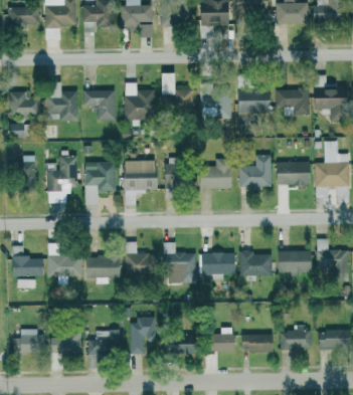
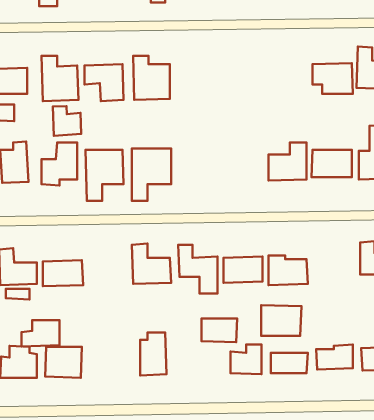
building: [161,72,193,110] -> none
building: [237,88,271,114] -> none
building: [200,90,231,119] -> none
building: none -> [53,106,81,136]
building: [199,158,231,189] -> none
building: [164,164,191,189] -> none
building: [278,250,312,276] -> [261,305,301,336]
building: [85,255,120,283] -> none
building: [87,330,120,352] -> [22,320,60,346]
building: [164,334,194,354] -> [202,318,237,342]

